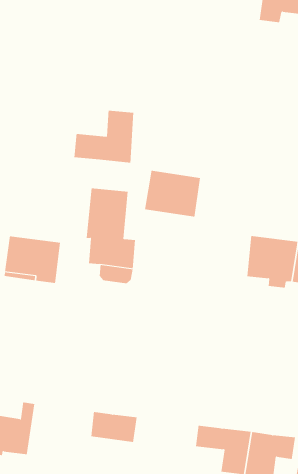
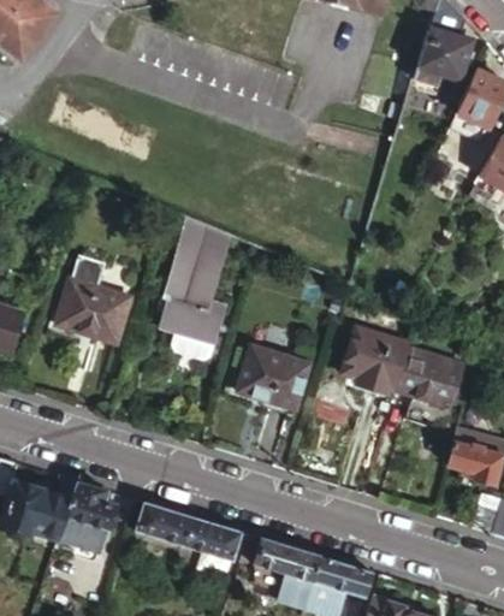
building: [74,110,134,164] -> none
building: [144,170,201,217] -> [241,346,313,410]
building: none -> [54,480,115,552]
building: none -> [180,516,236,559]

